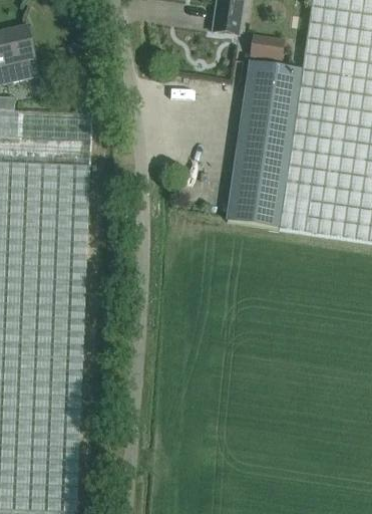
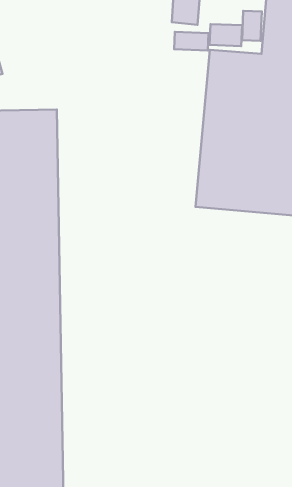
building: none -> [242,11,262,41]
building: none -> [174,32,209,50]

